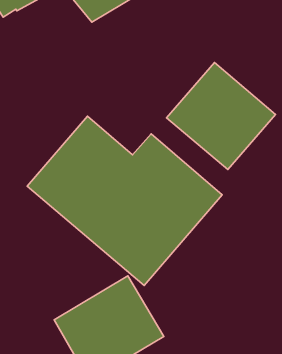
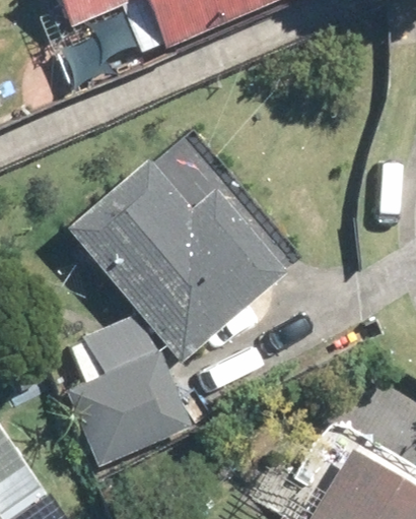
building: [167,62,276,170] -> none

